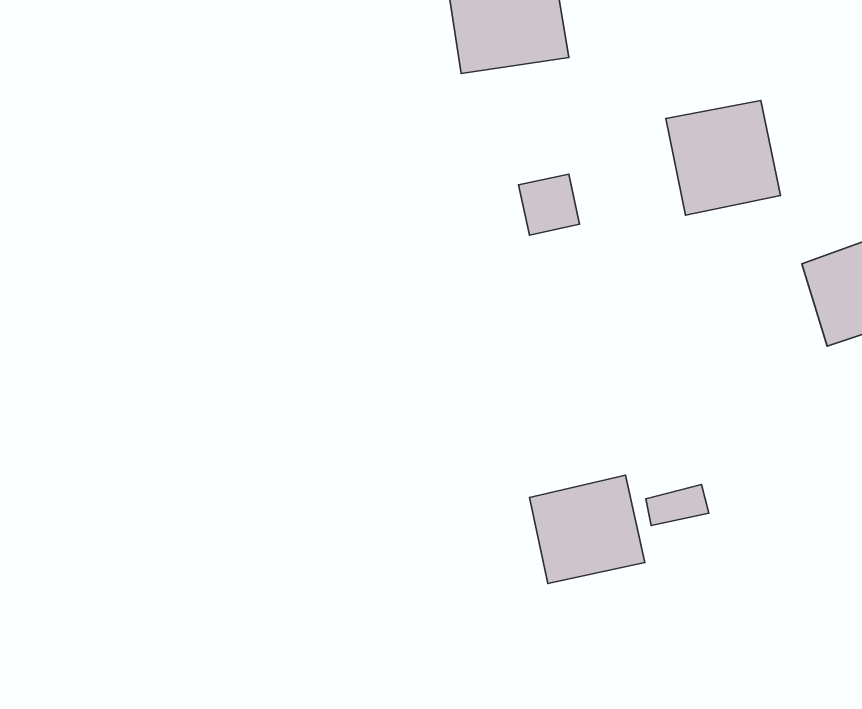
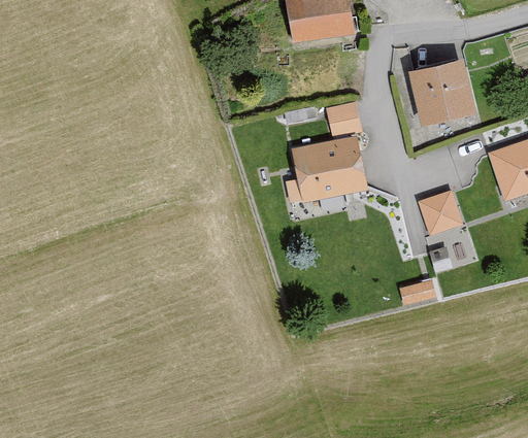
building: none -> [286,136,368,202]
building: none -> [417,190,462,236]
building: [530,475,645,583] -> none

